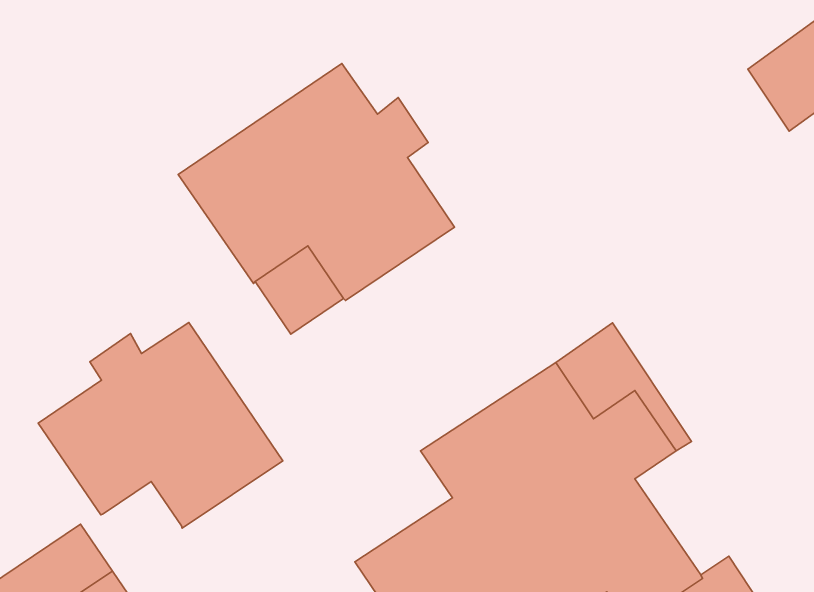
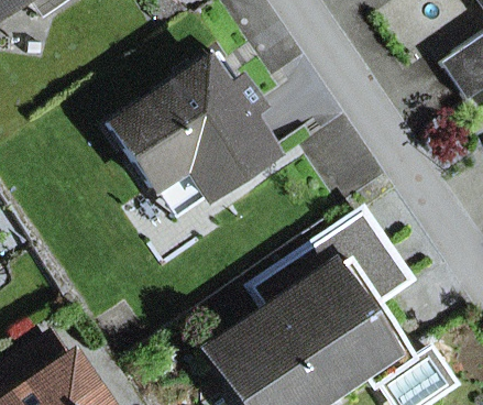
building: [38,322,283,528] -> none

